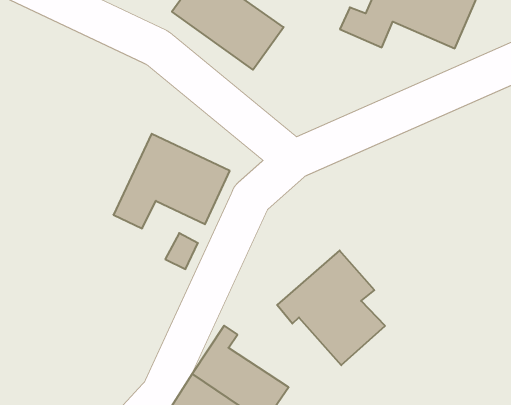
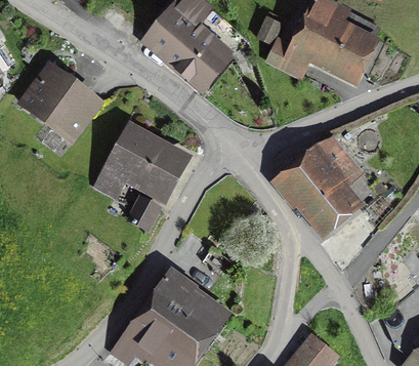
building: none -> [25,70,96,138]
building: [277,250,385,365] -> [279,144,357,228]

